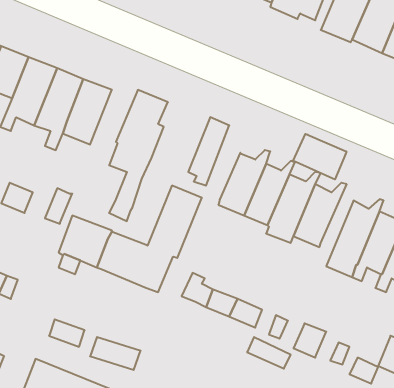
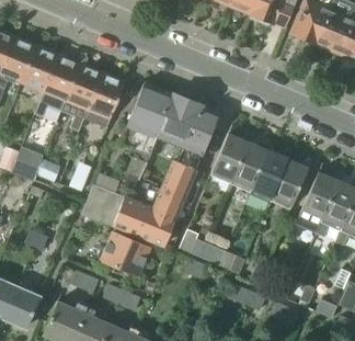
building: none -> [154,94,202,150]
building: [293,134,346,179] -> none
building: none -> [100,228,150,276]

